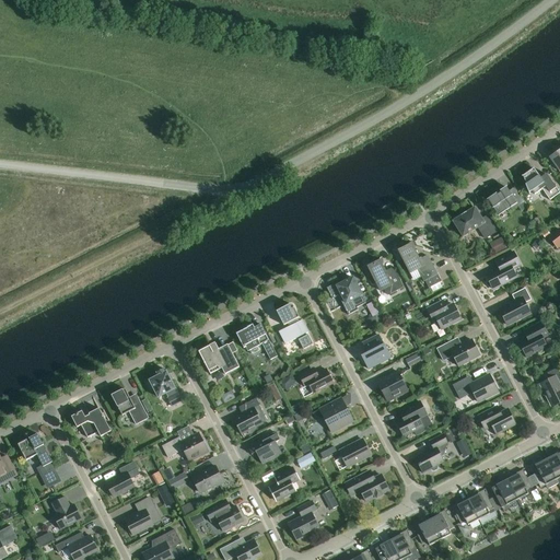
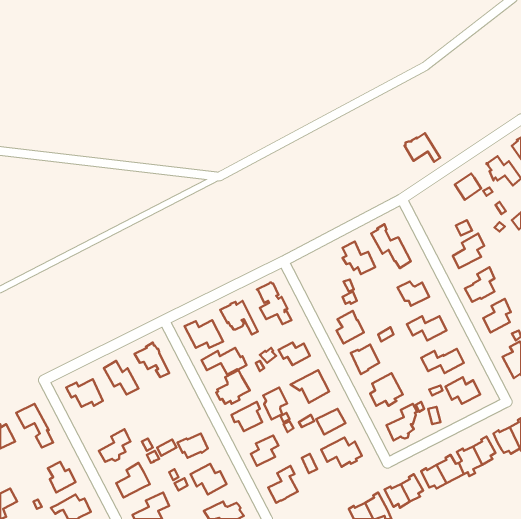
building: [453,207,491,237] -> [404,133,440,162]
building: [326,277,365,314] -> none
building: none -> [263,388,287,419]
building: [162,432,210,460] -> [202,348,246,374]

